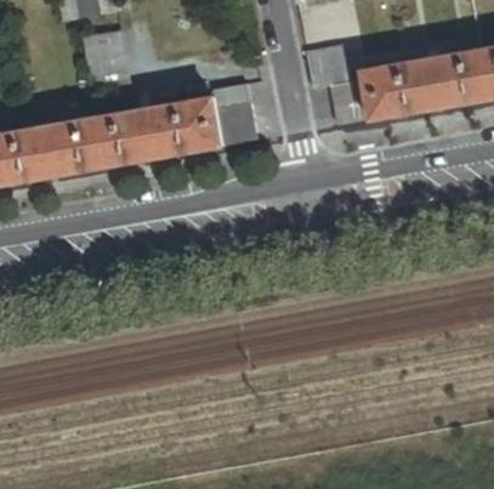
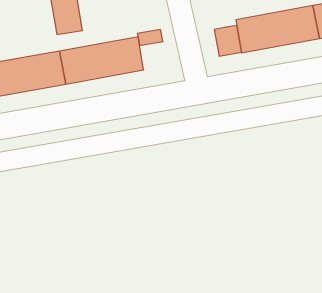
building: [306,46,348,89] -> none
building: [217,103,259,146] -> none

